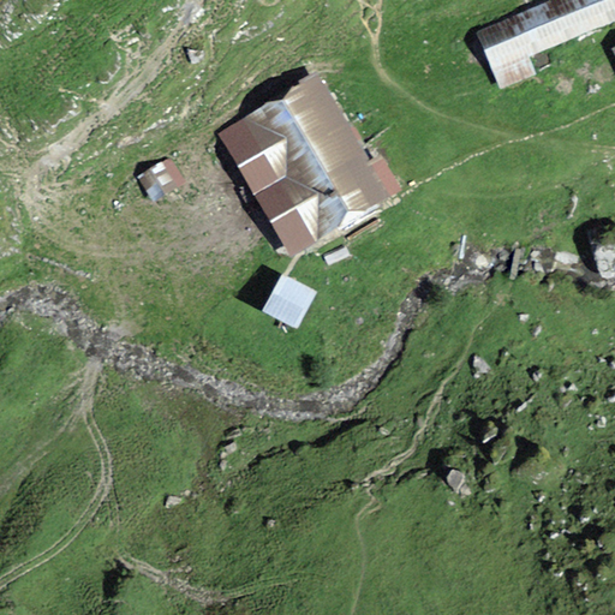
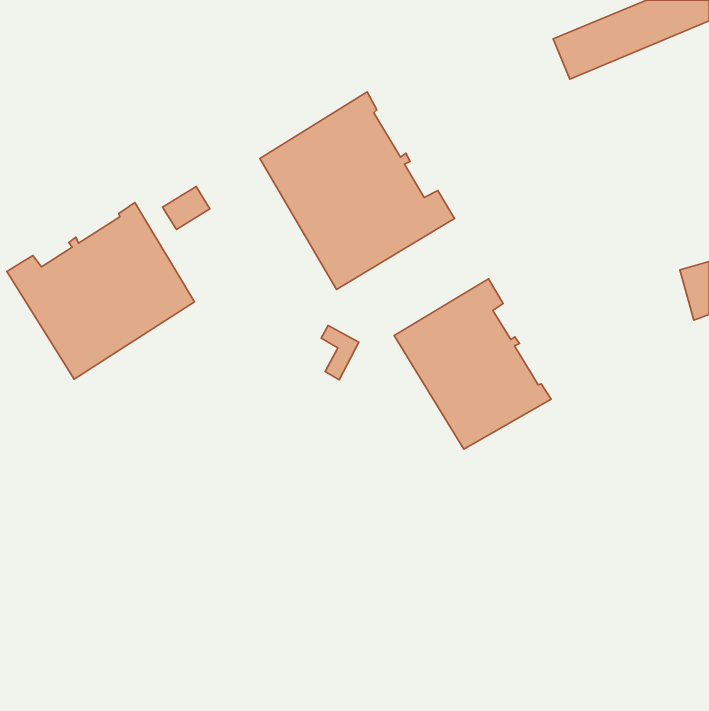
building: none -> [7,202,195,379]
building: none -> [394,279,551,449]

